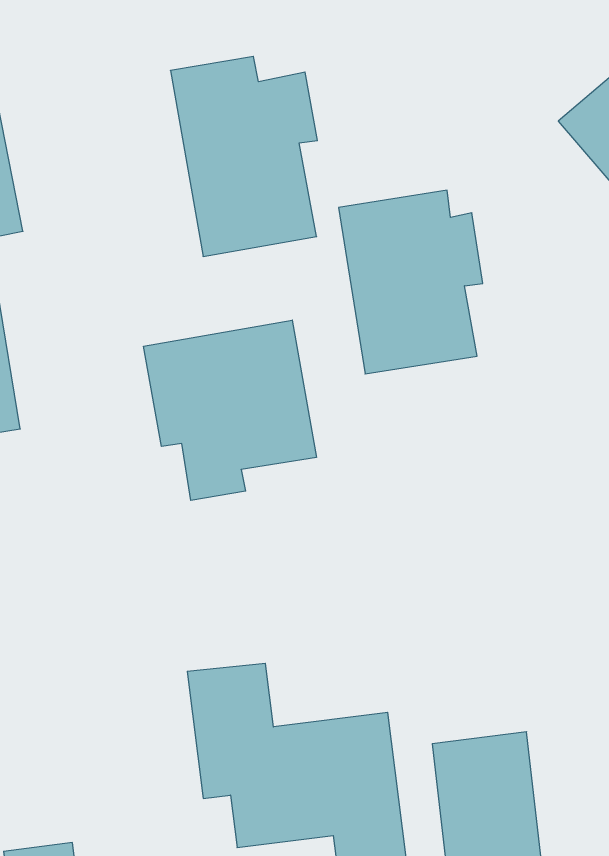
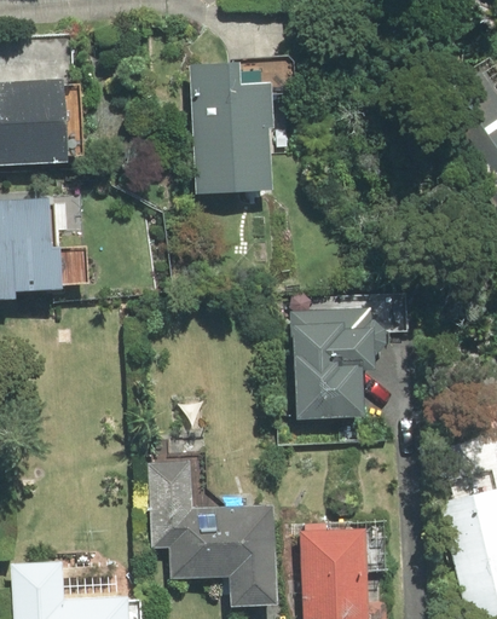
building: [339,190,483,374] -> [289,308,377,422]
building: [144,320,316,500] -> none

